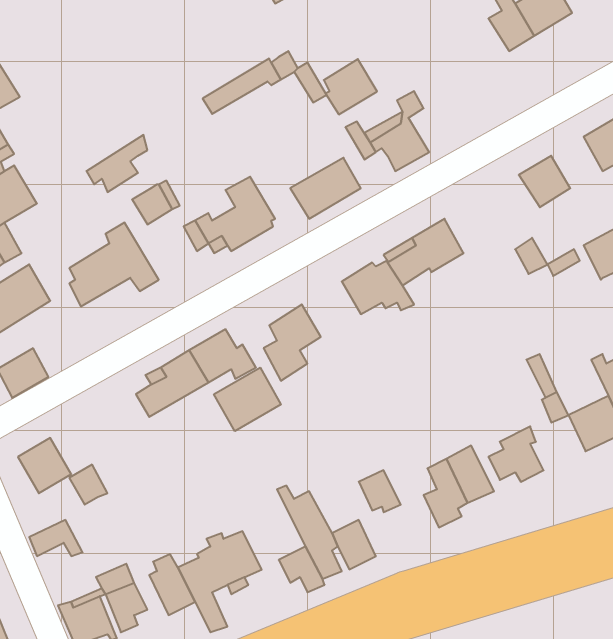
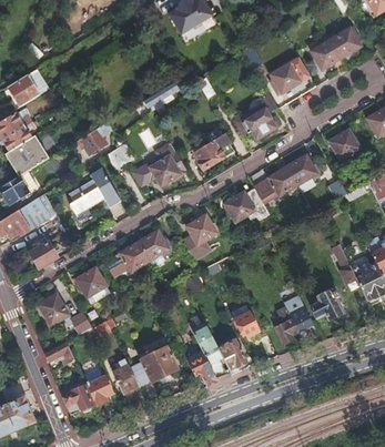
building: [324,59,377,114] -> [270,62,301,94]
building: none -> [286,153,318,185]
building: [214,368,281,431] -> none
building: none -> [78,266,108,296]

